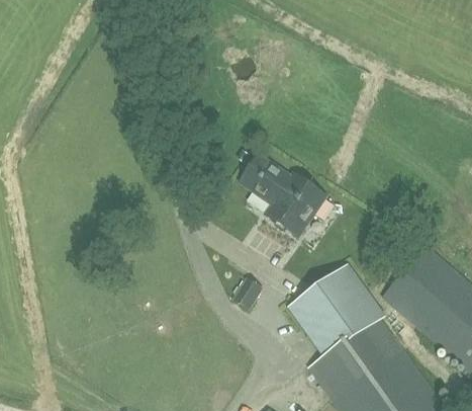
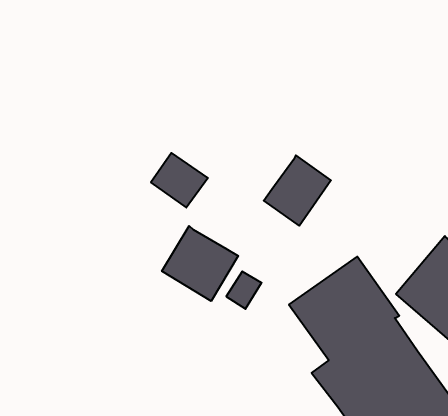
building: [242,156,292,204] -> [151,153,208,208]
building: none -> [162,226,238,301]

